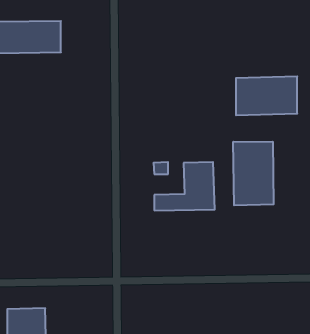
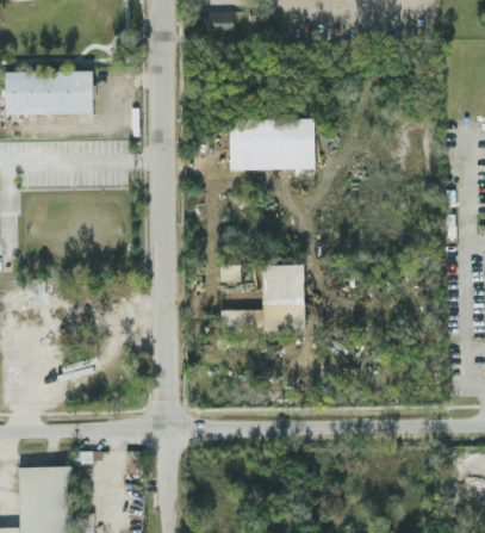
building: [236,76,297,115] -> [230,117,315,171]
building: [233,142,274,205] -> none

